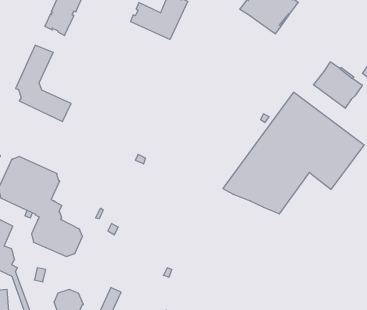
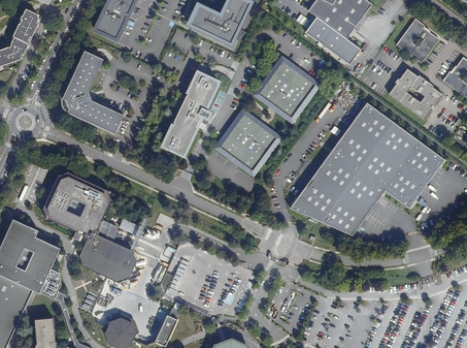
building: none -> [305,17,360,63]
building: none -> [396,20,438,63]
building: none -> [254,58,319,122]
building: none -> [162,72,218,156]
building: none -> [214,110,279,176]

